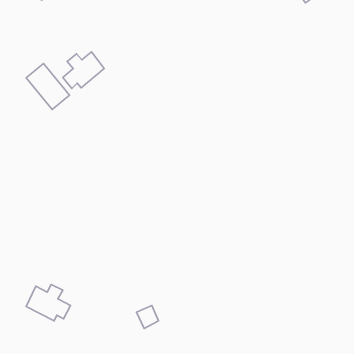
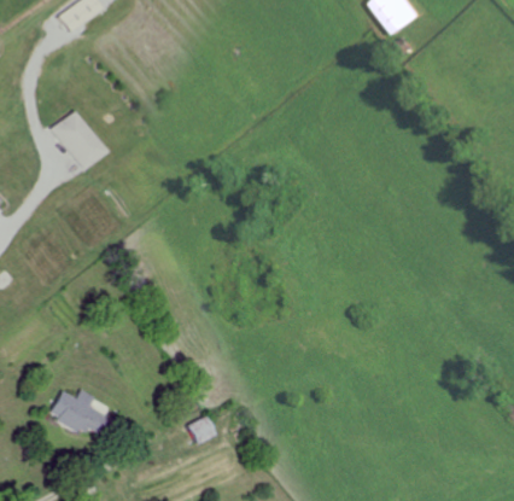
building: [63,52,104,88] -> none

